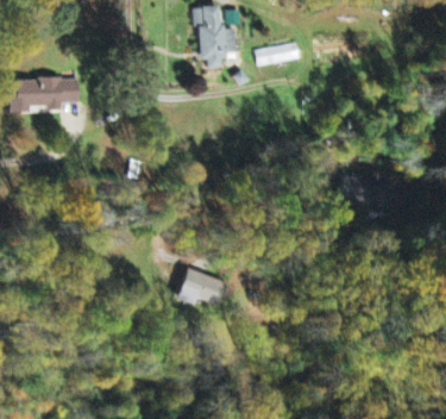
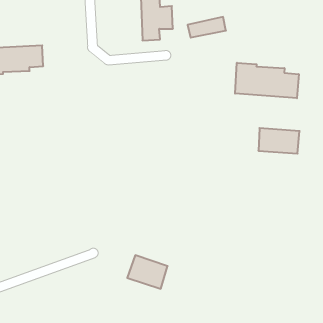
building: none -> [235,63,299,98]
building: [176,268,225,308] -> [127,255,168,289]

